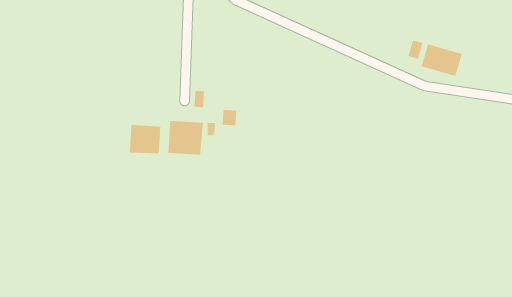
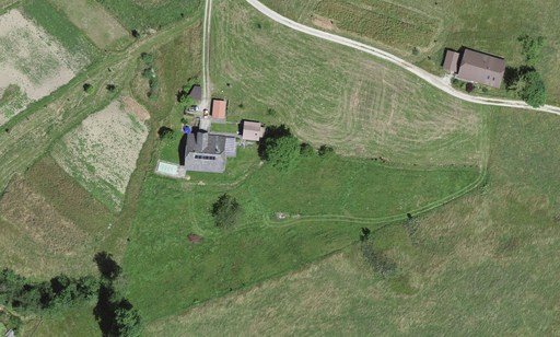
building: [129,124,161,154] -> none

